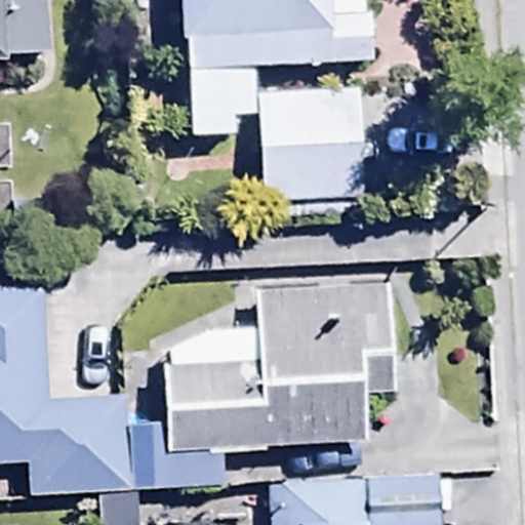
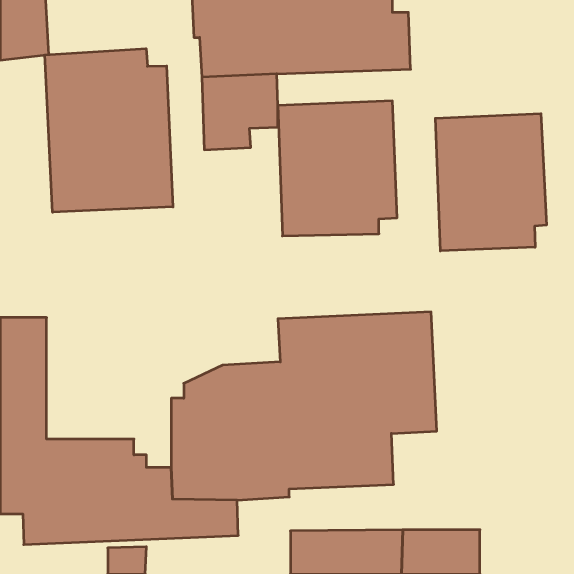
building: none -> [45,49,173,212]
building: none -> [435,114,546,251]

